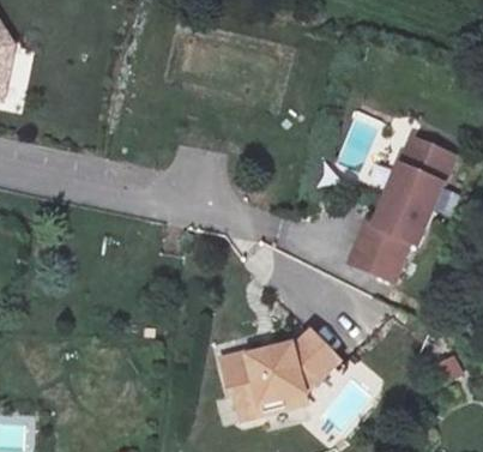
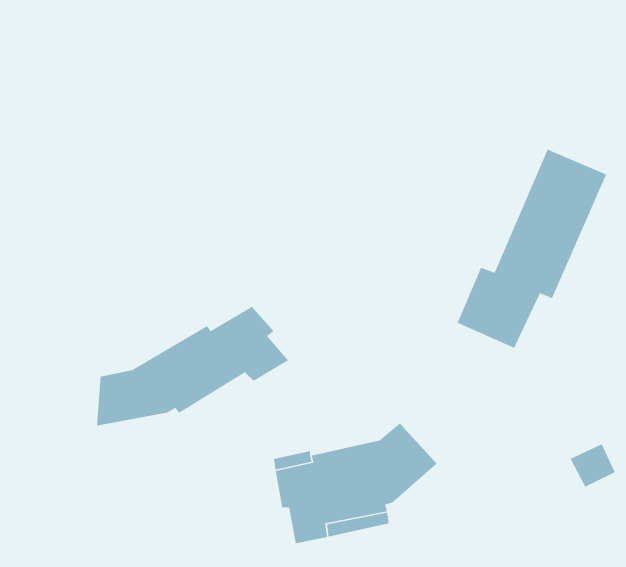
building: none -> [96,306,289,426]

